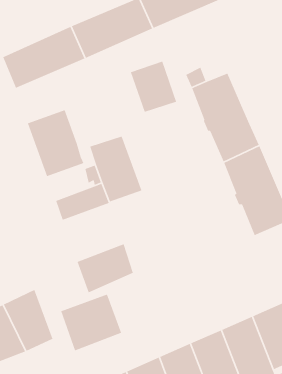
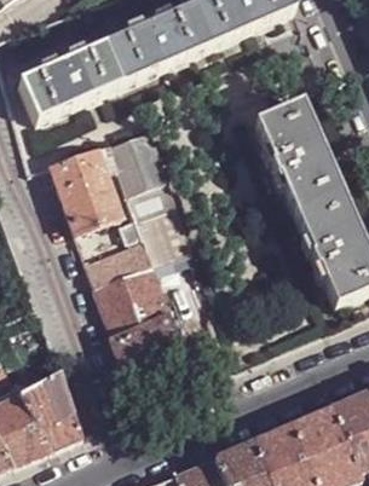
building: [130,60,177,113] -> [108,128,167,193]
building: [60,293,122,352] -> [92,265,169,337]

